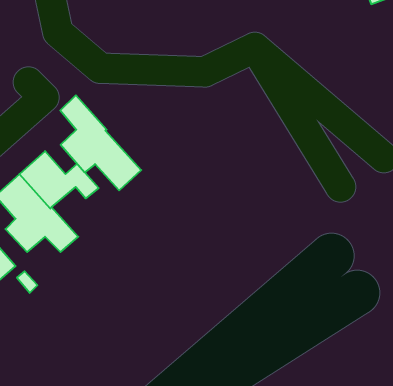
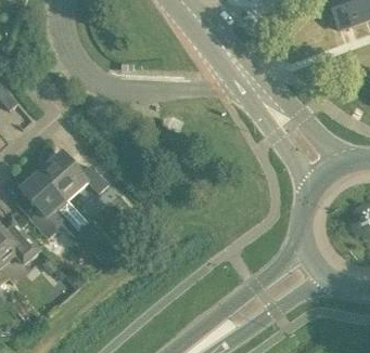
building: [60,95,141,190] -> none

